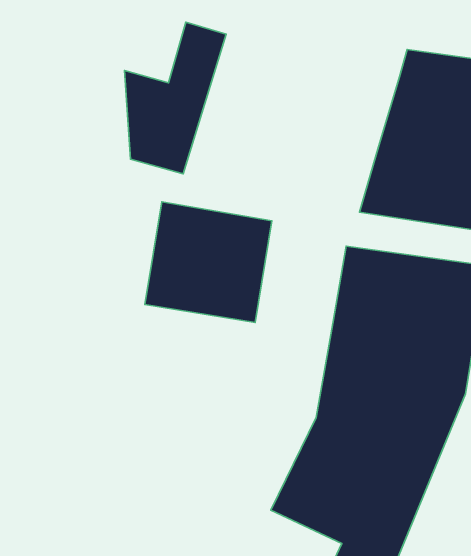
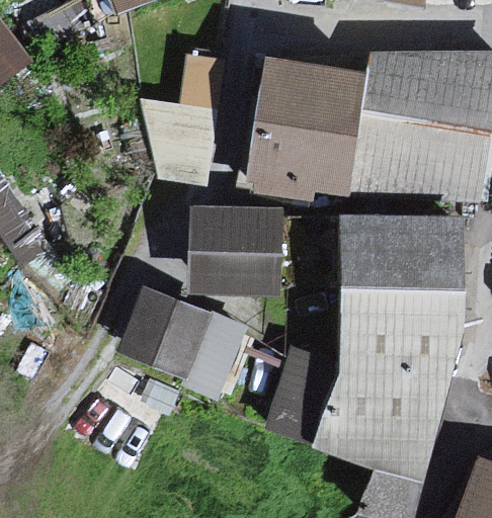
building: none -> [246,60,370,190]
building: none -> [119,290,243,394]

